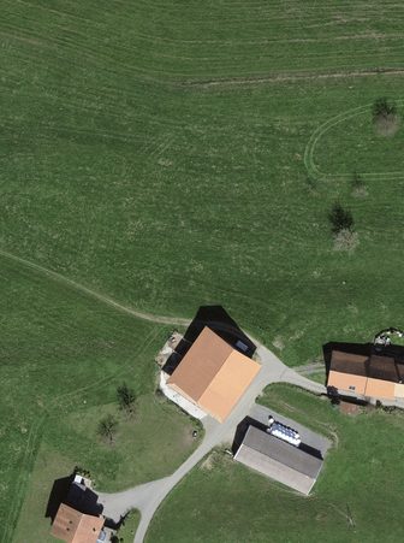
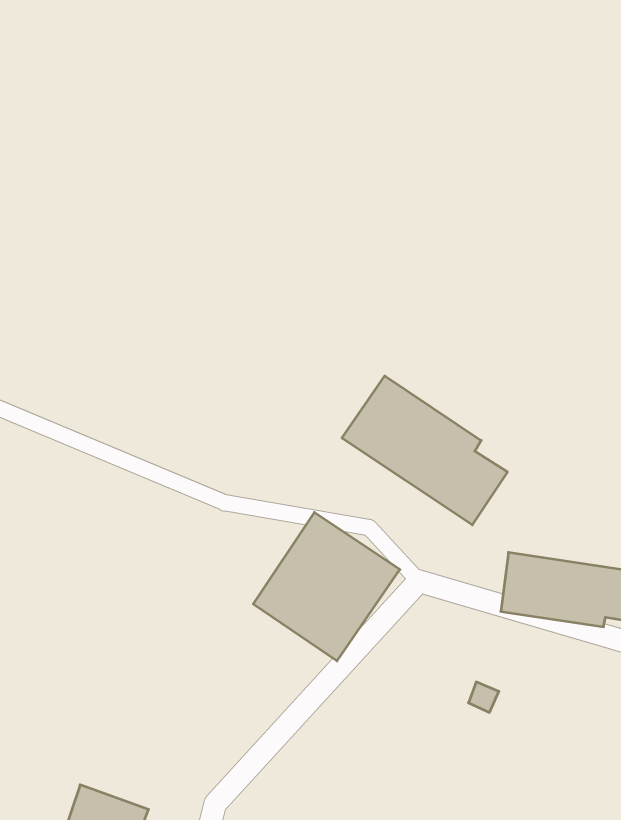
building: none -> [342,376,507,525]
building: [233,426,322,495] -> none

